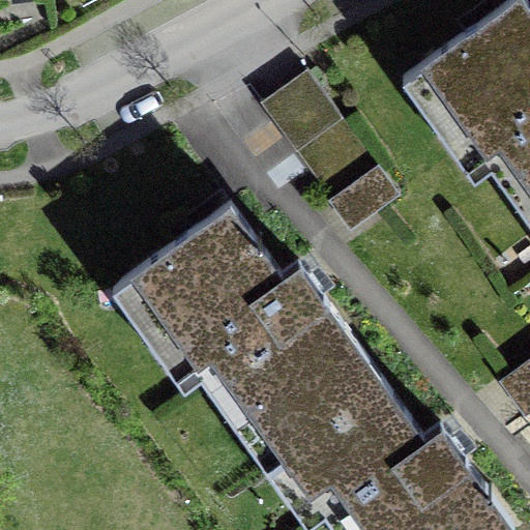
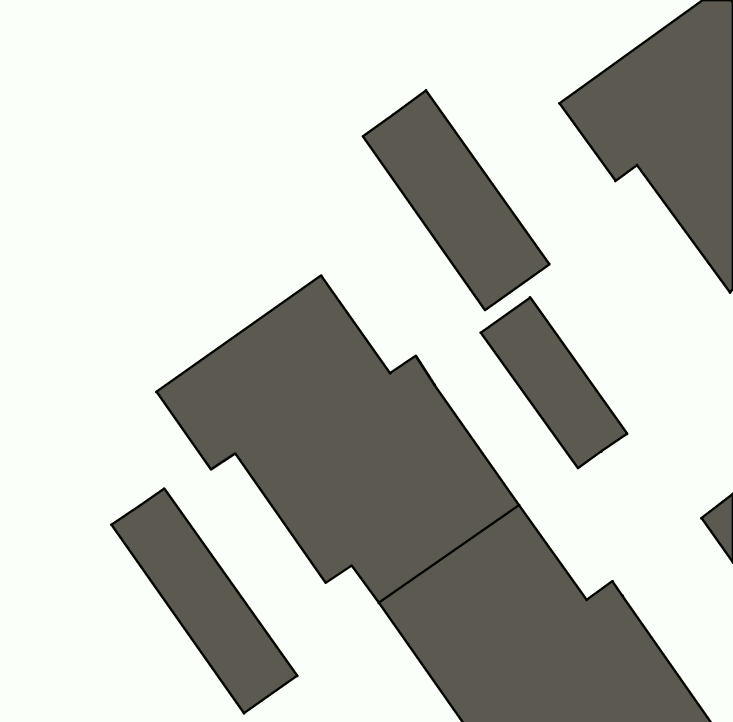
building: none -> [481,297,627,468]
building: none -> [111,489,297,713]

